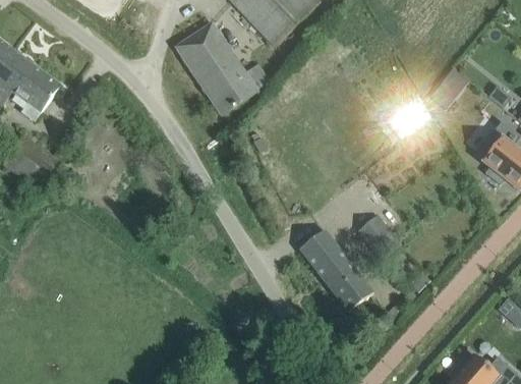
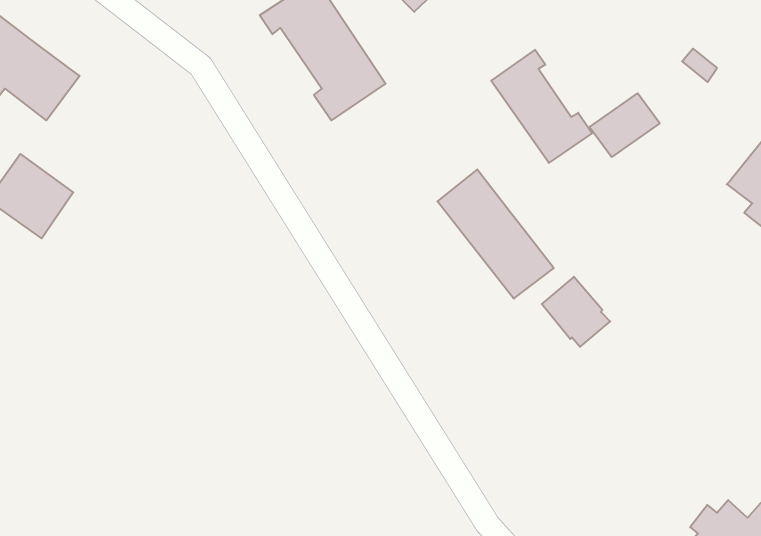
building: none -> [491,50,592,163]
building: [300,229,374,312] -> [437,169,554,299]

